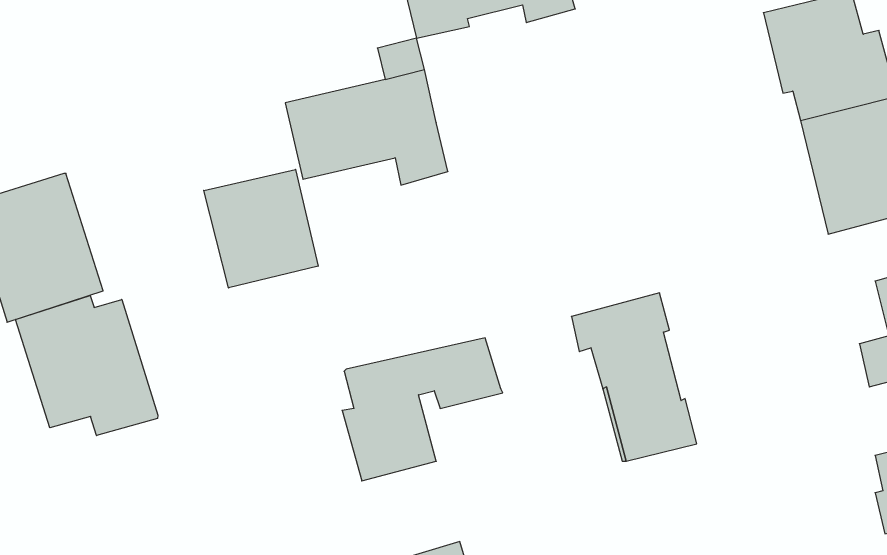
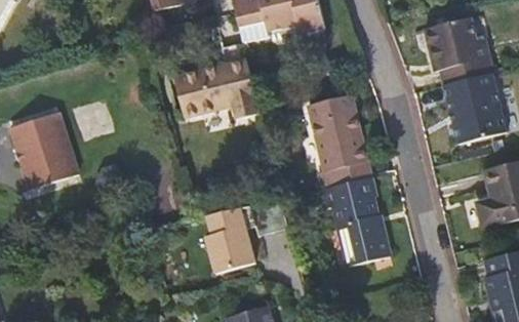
building: none -> [309,92,370,188]
building: [204,169,318,288] -> none
building: [16,296,158,436] -> none

